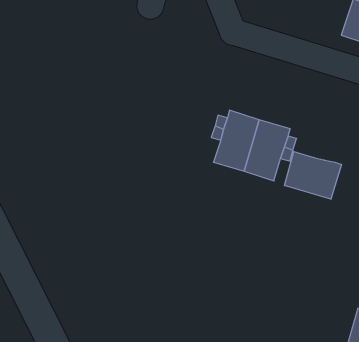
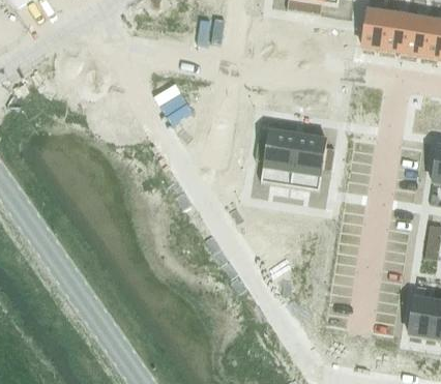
building: [285,151,341,199] -> none

